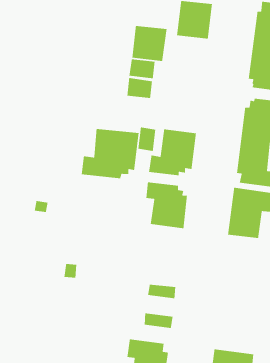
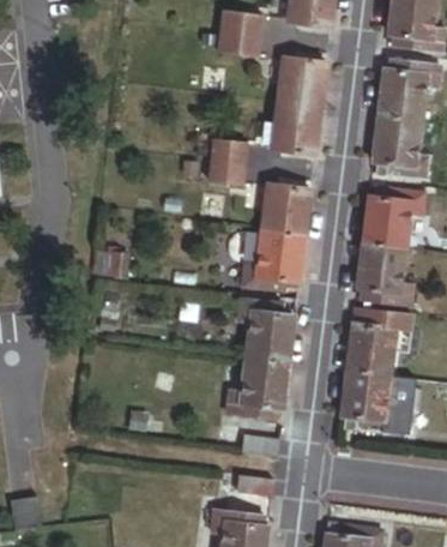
building: [131,25,167,62] -> [273,104,321,154]
building: none -> [261,182,312,234]
building: [81,128,139,179] -> none
building: none -> [225,356,289,419]
building: none -> [342,371,397,434]

